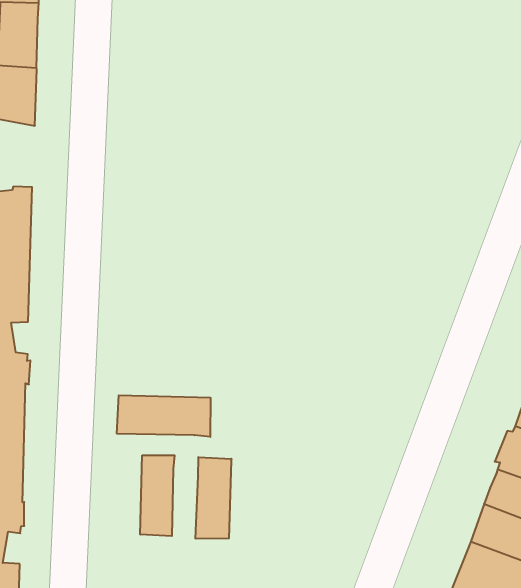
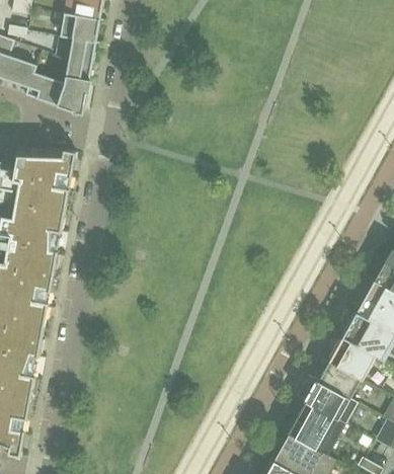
building: [117,395,210,437] -> none
building: [140,455,175,536] -> none
building: [196,457,231,539] -> none

